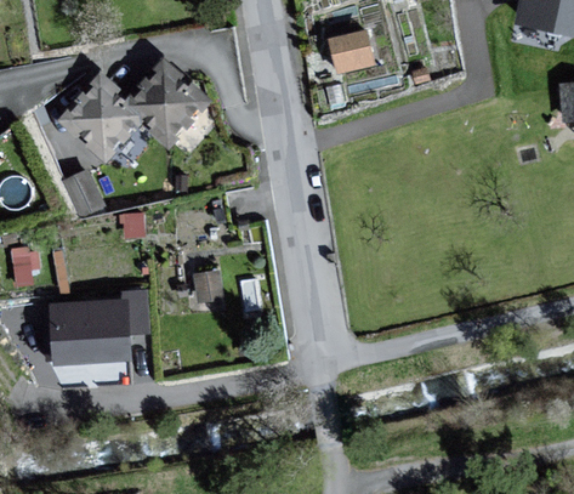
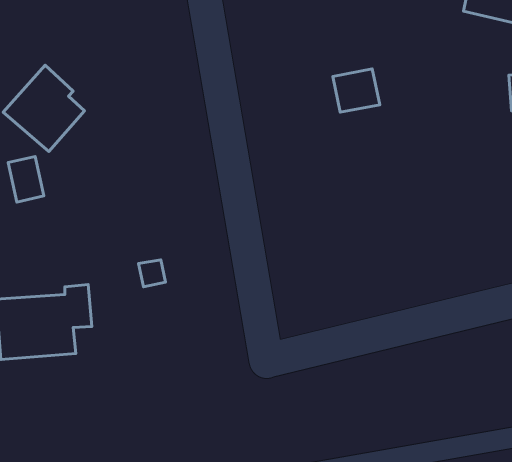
building: [326,33,373,75] -> [333,69,380,112]
building: [125,64,208,146] -> none

